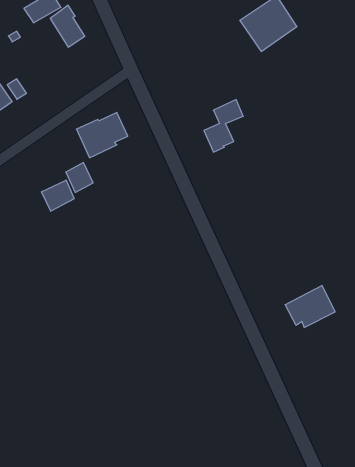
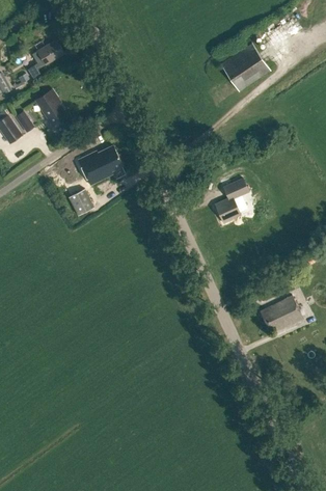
building: [50,5,85,47] -> [36,88,66,125]
building: [204,100,243,152] -> [215,178,249,223]
building: [42,180,74,211] -> none

